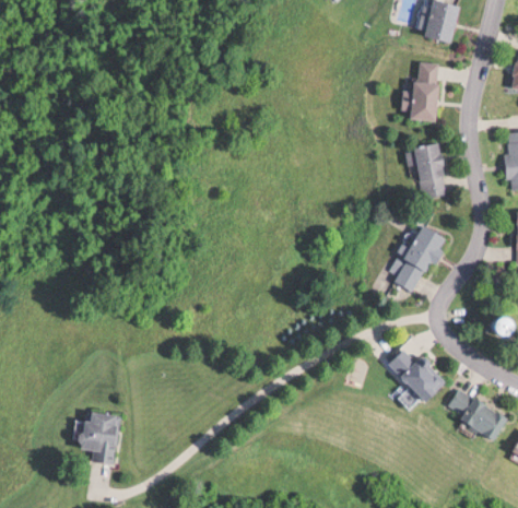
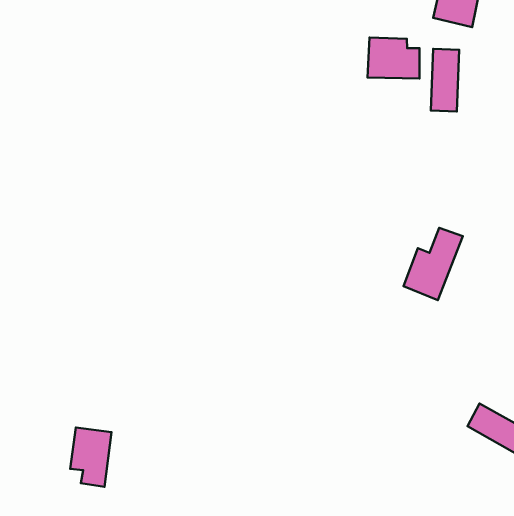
building: none -> [367,37,420,78]
building: [405,144,444,198] -> none
building: [389,348,447,402] -> none

